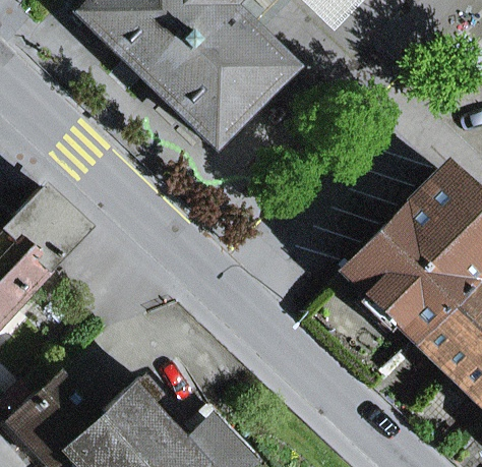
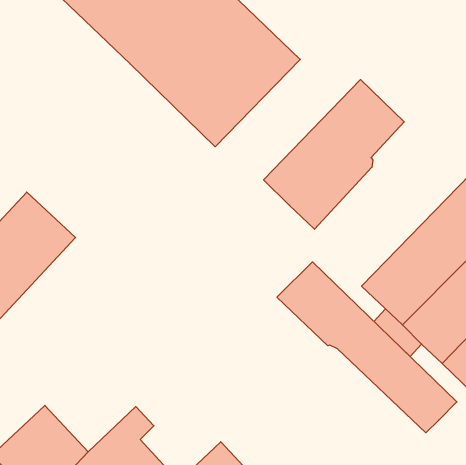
building: none -> [264,80,404,229]
building: none -> [277,262,457,433]

